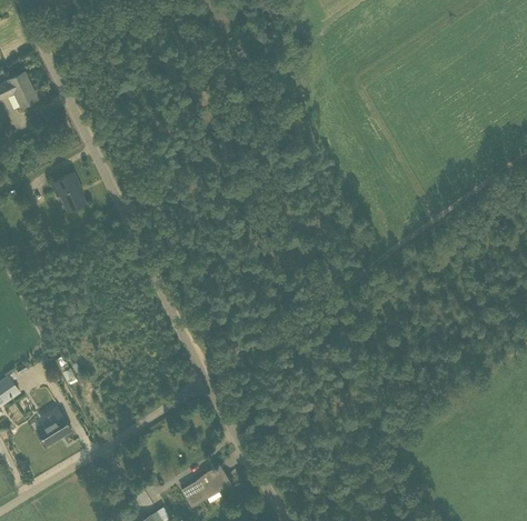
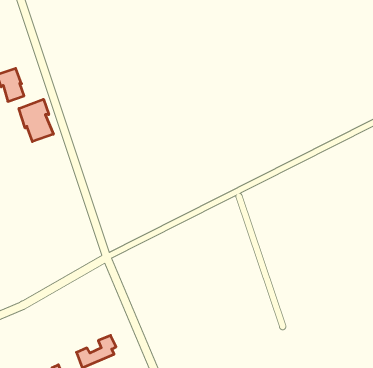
building: none -> [19,99,53,142]

